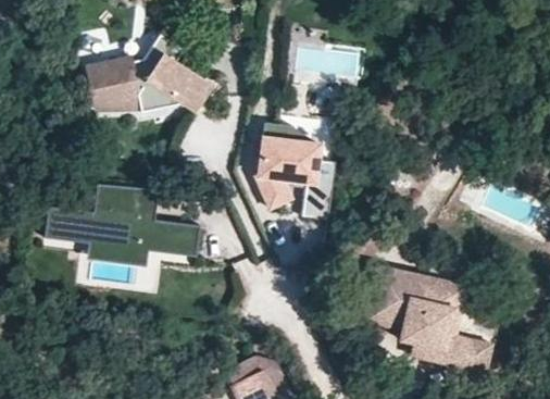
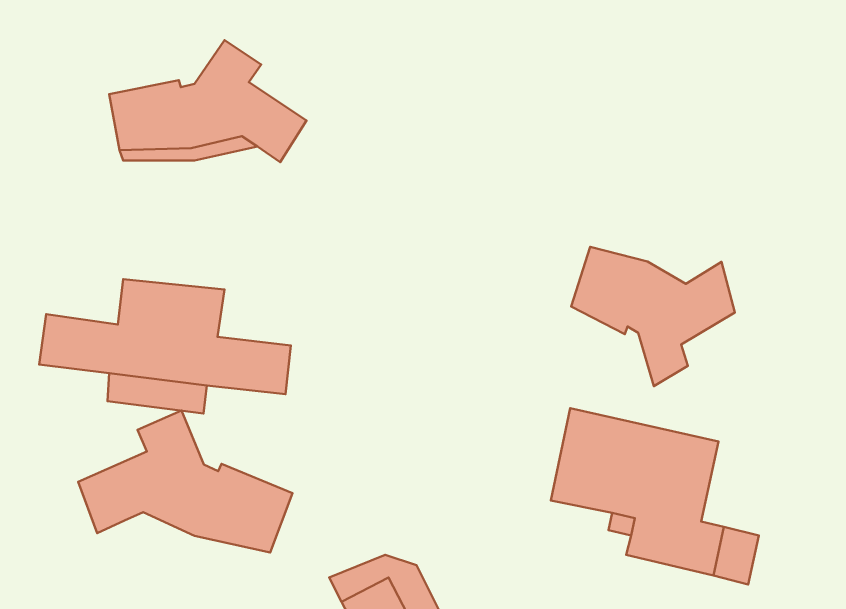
building: [254,123,334,220] -> none
building: none -> [571,247,735,386]
building: none -> [78,411,293,552]

